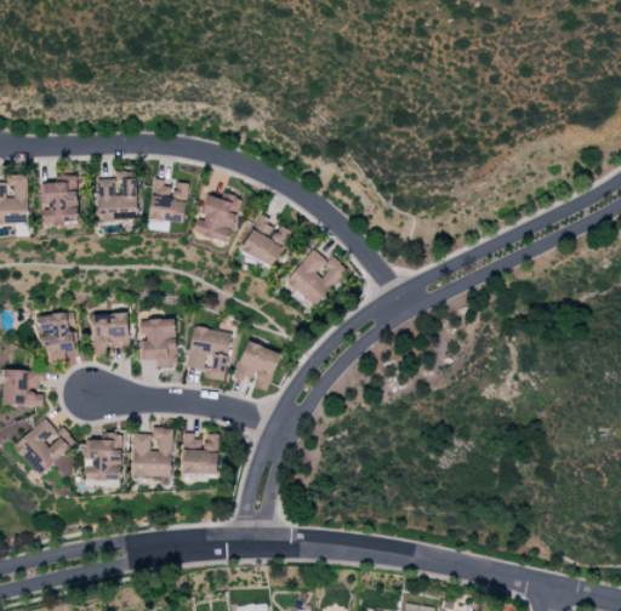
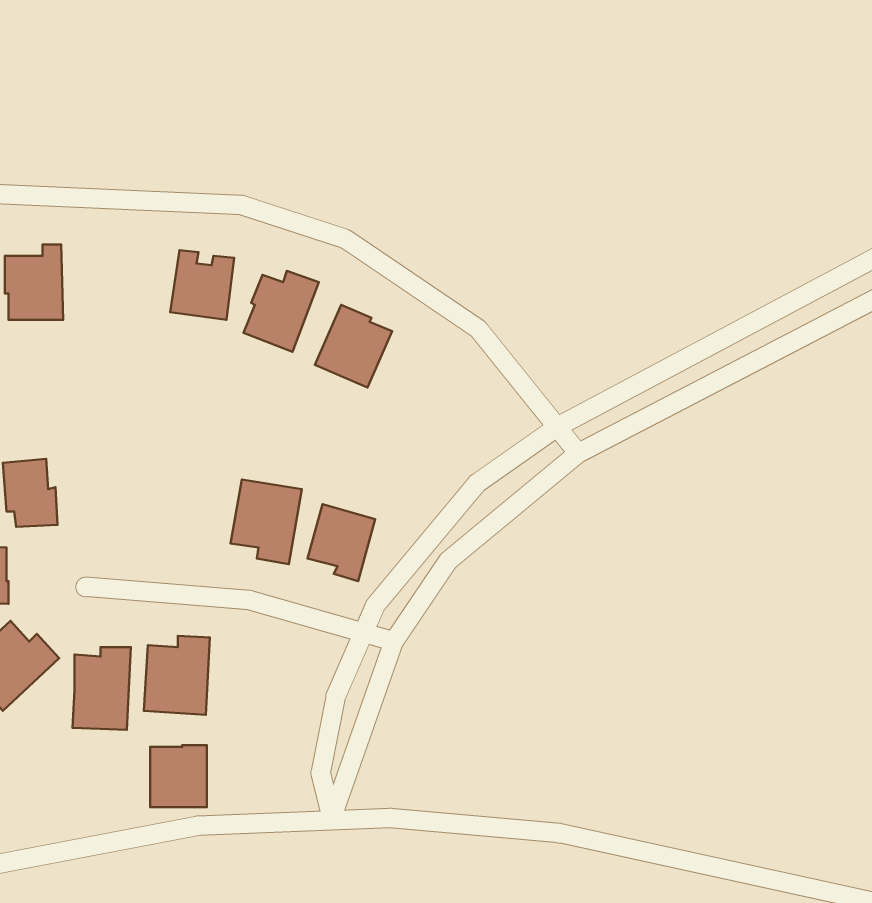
building: [96,171,136,222] -> none
building: [285,249,346,307] -> none
building: [92,313,129,354] -> none
building: [139,319,176,366] -> none
building: [182,434,218,474] -> [150,745,207,807]

